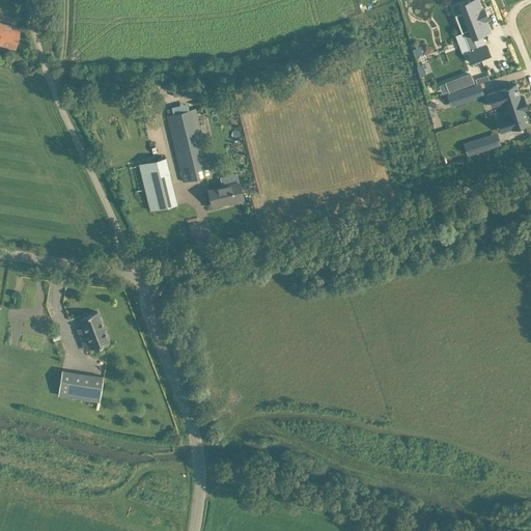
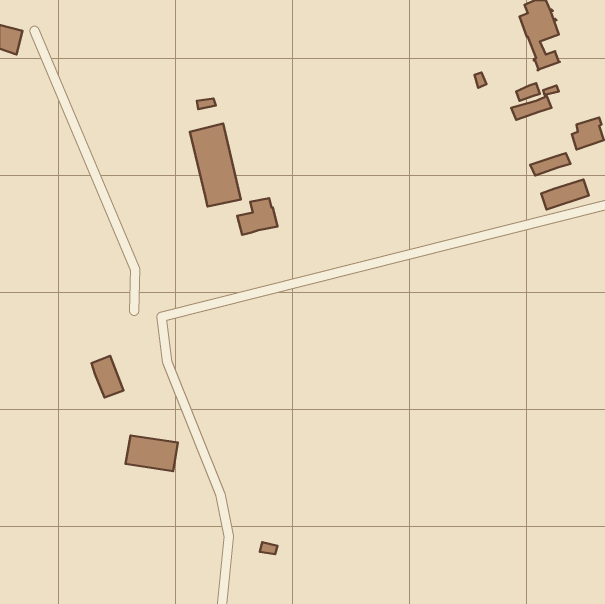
building: [492,86,524,111] -> none
building: [138,159,176,212] -> none
building: none -> [541,179,589,210]
building: [57,371,103,402] -> [126,435,178,471]

